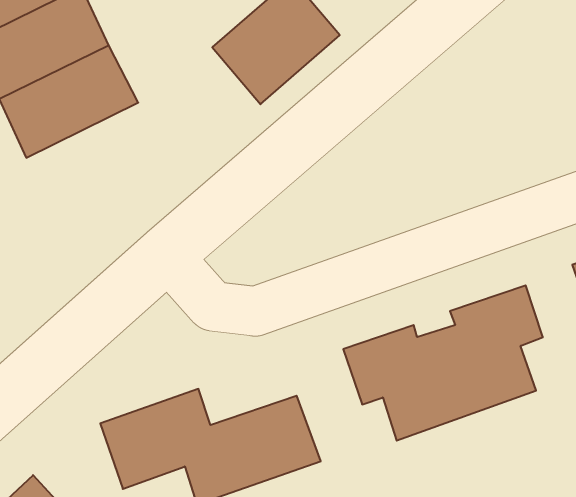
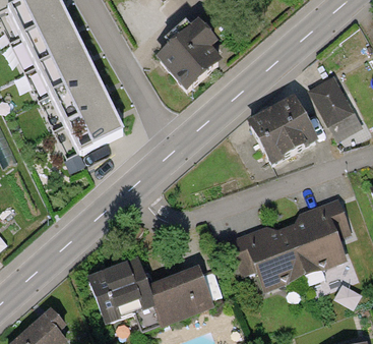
building: none -> [245,80,352,163]
building: none -> [44,92,126,158]

